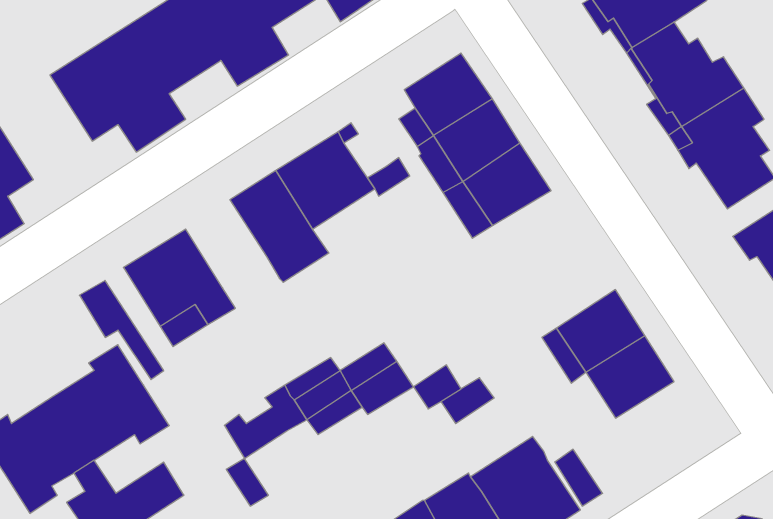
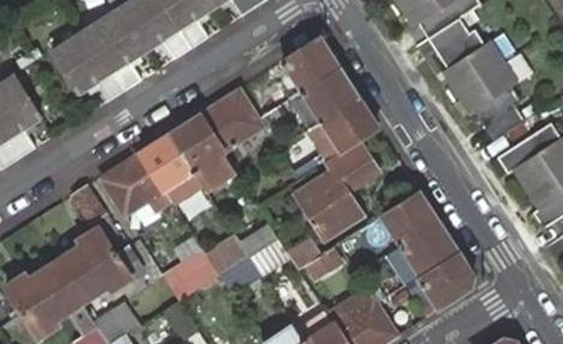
building: none -> [140,133,201,203]
building: none -> [295,141,375,241]
building: none -> [417,251,473,309]

